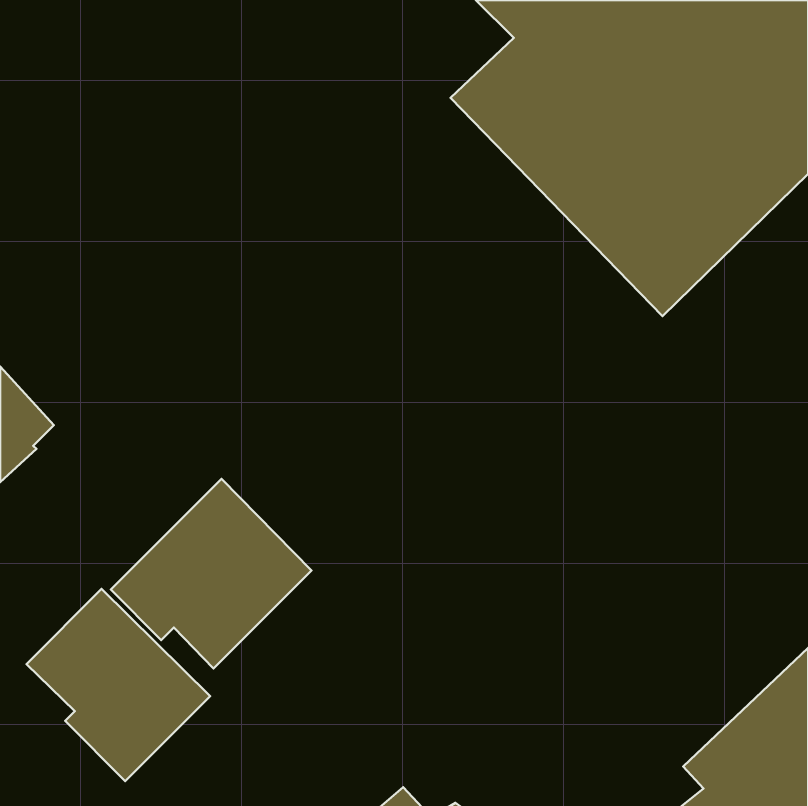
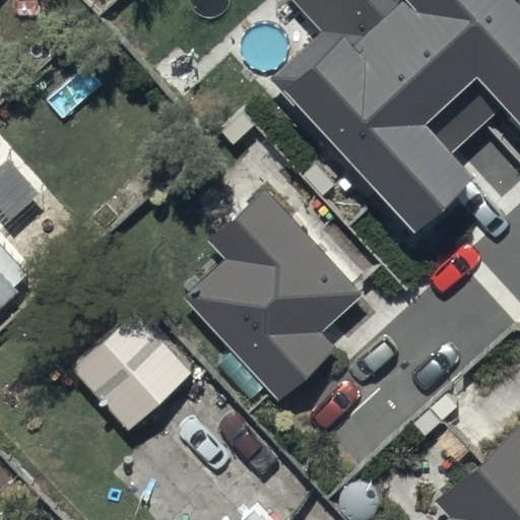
building: none -> [185,190,363,400]
building: [26,589,210,781] -> none

